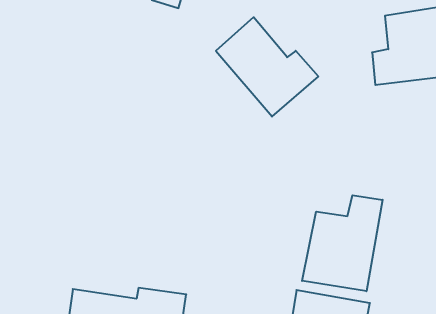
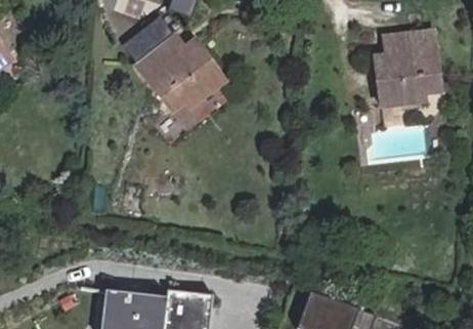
building: [216,17,318,117] -> [127,24,224,118]
building: [302,195,383,291] -> none

